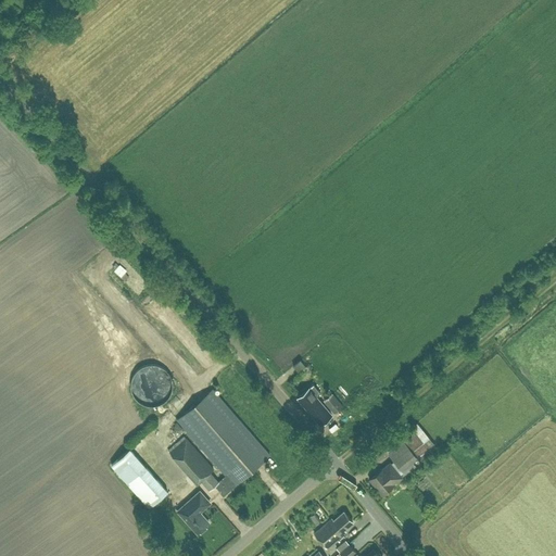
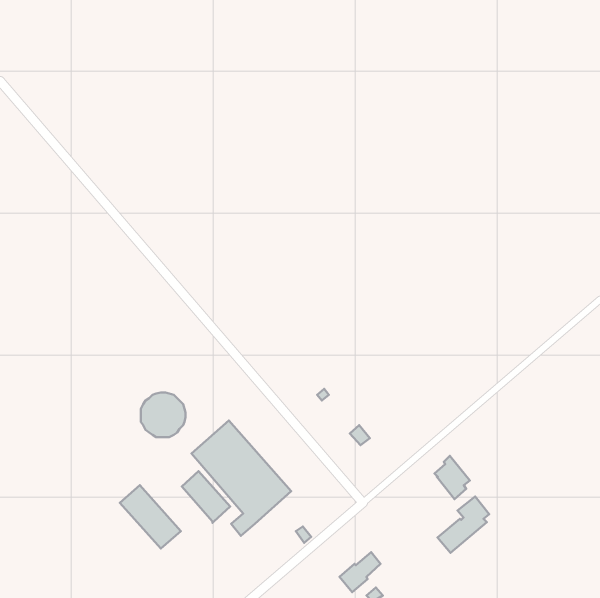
building: [298,386,331,426] -> none
building: [369,443,417,495] -> [438,496,489,553]
building: [177,493,210,534] -> none

